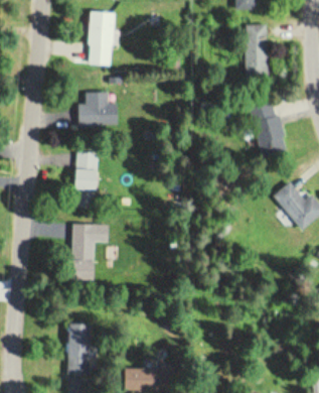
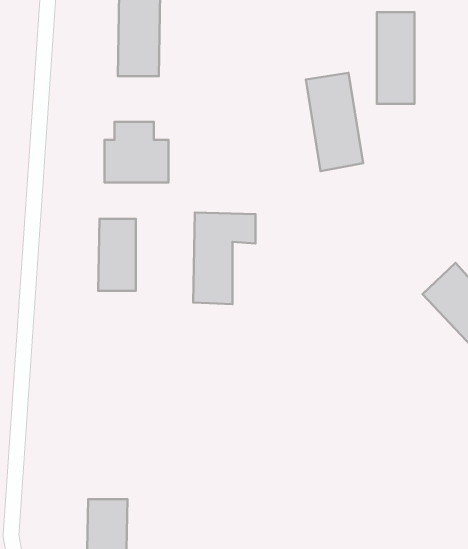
building: [252,99,287,159] -> [306,73,363,171]
building: [70,224,109,280] -> [193,212,255,304]

